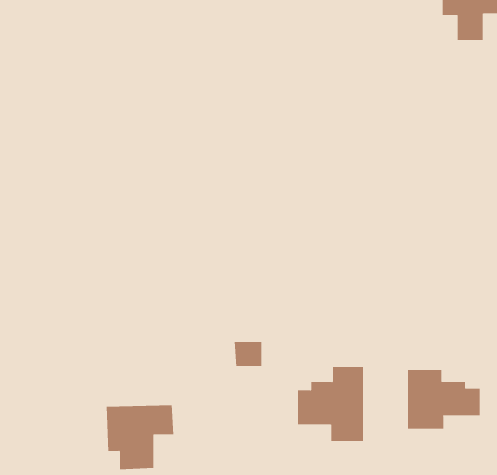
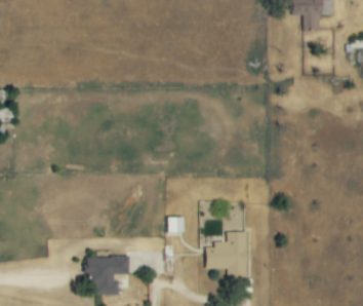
building: [407,369,480,430] -> none

